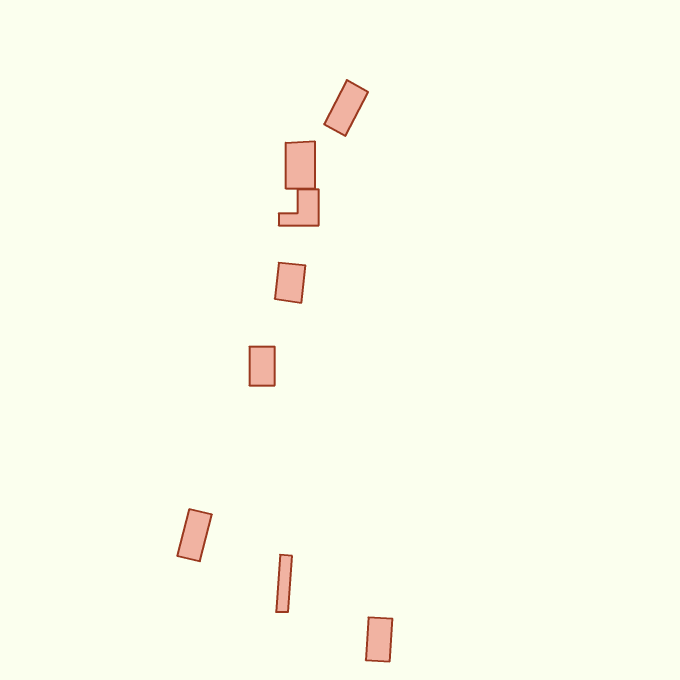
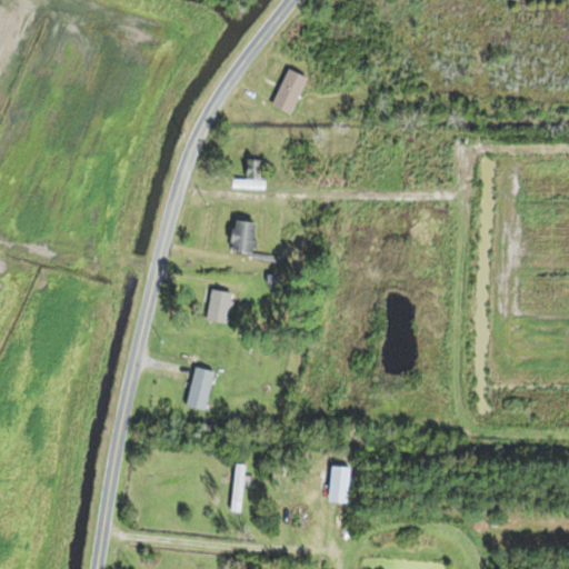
building: [286,141,315,189] -> none
building: [177,509,212,561] -> [186,367,214,410]
building: [366,617,392,661] -> [328,466,350,502]

